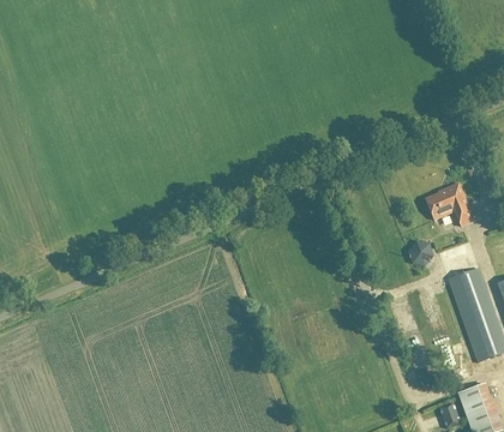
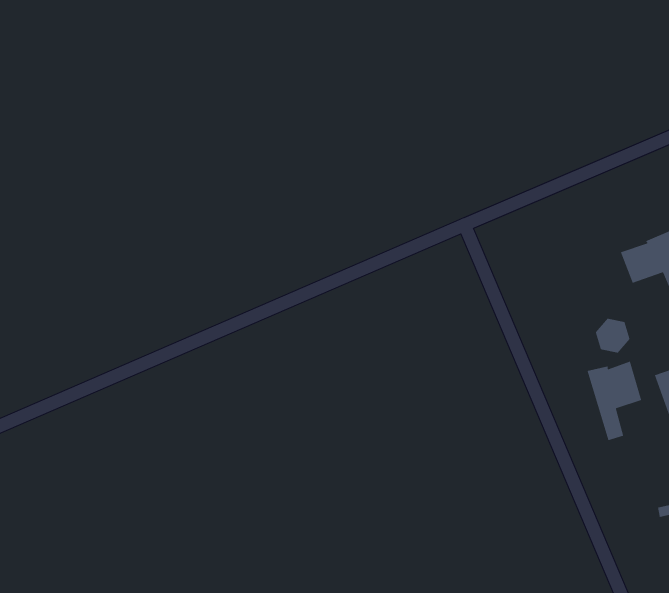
building: none -> [587,360,642,441]

